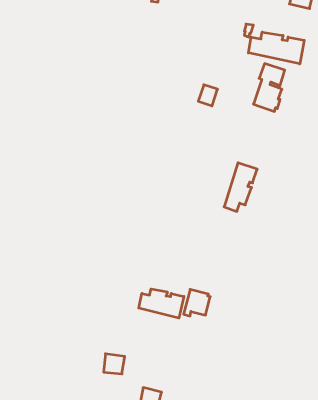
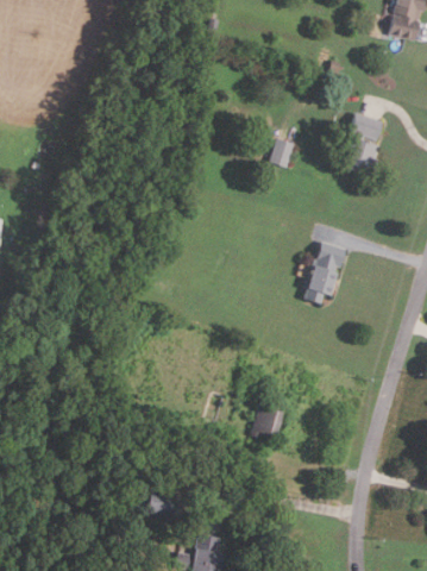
building: [248,32,304,64] -> none
building: [139,289,184,318] -> none

